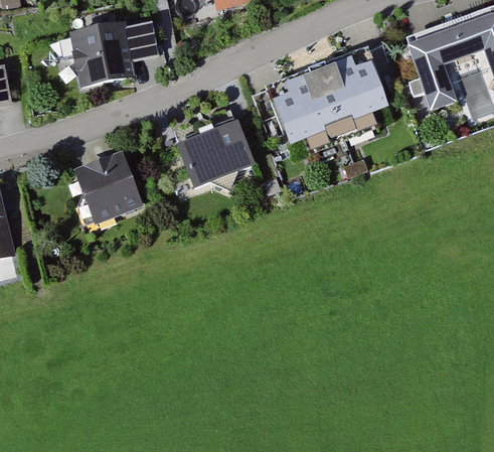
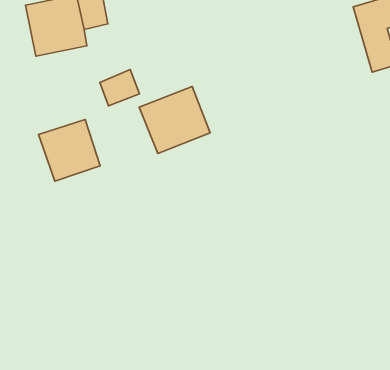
building: [272,47,394,140] -> none
building: none -> [100,70,139,106]

